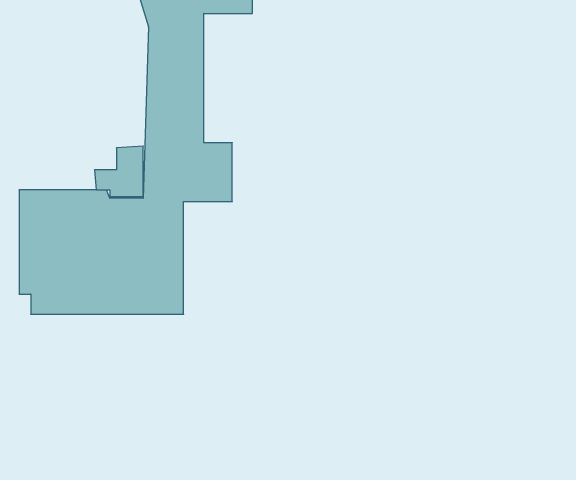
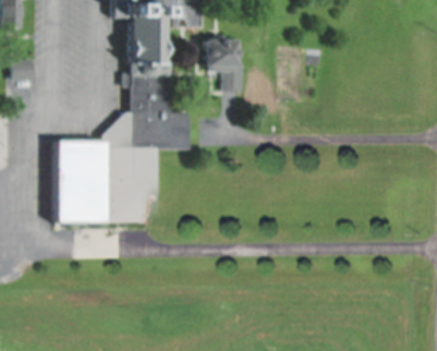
building: none -> [207,37,241,88]

